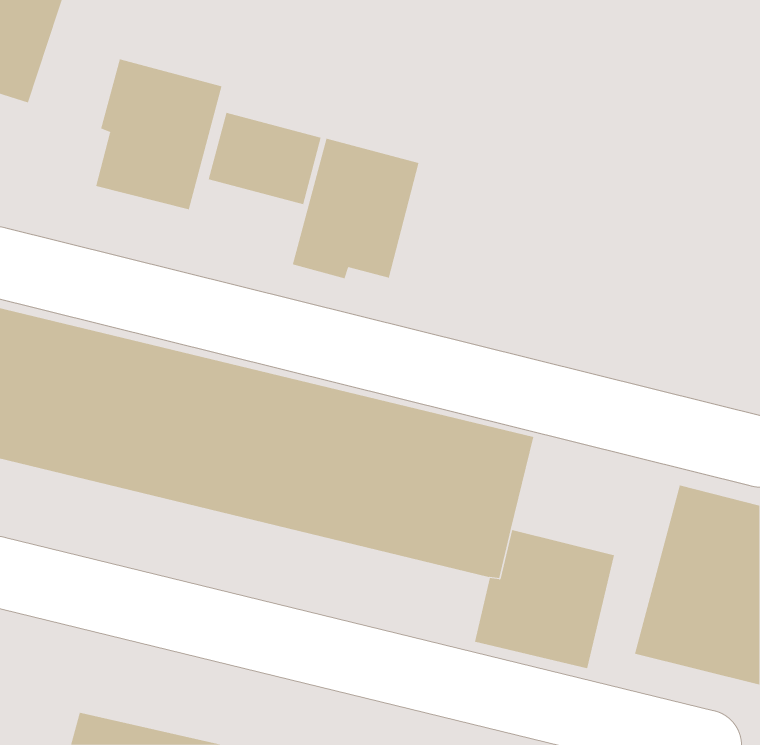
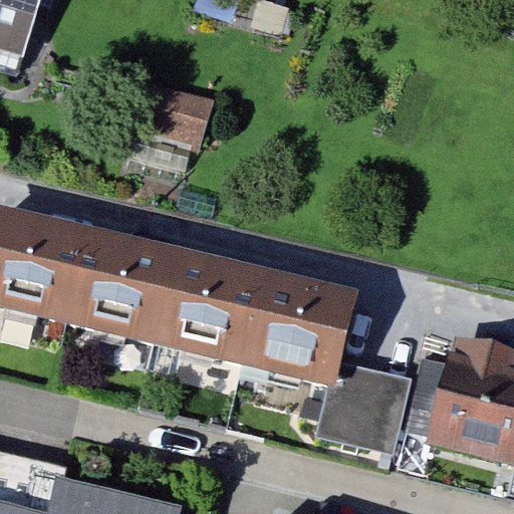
building: [95,59,222,210] -> none
building: [292,138,419,279] -> none

